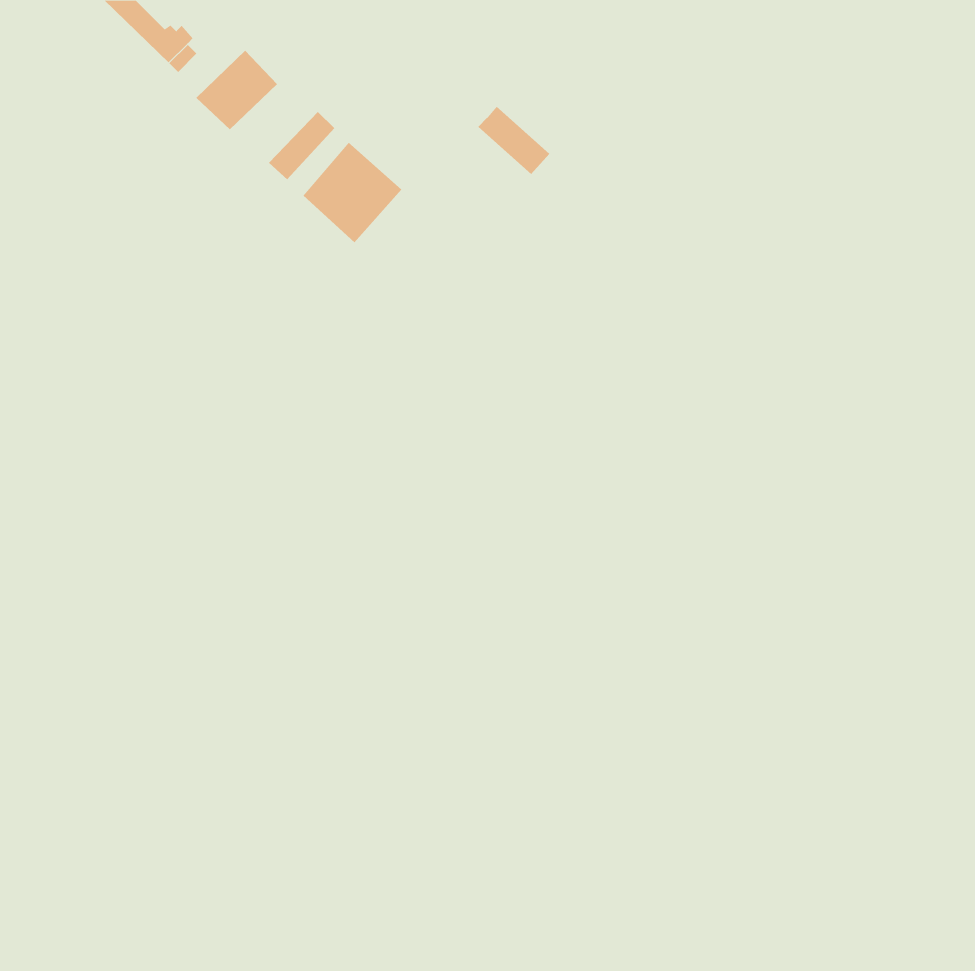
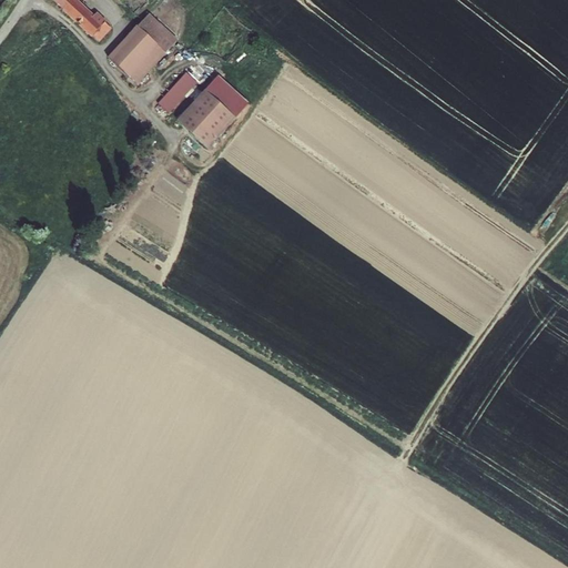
building: none -> [136,14,174,53]
building: [477,106,550,175] -> [204,74,246,114]

